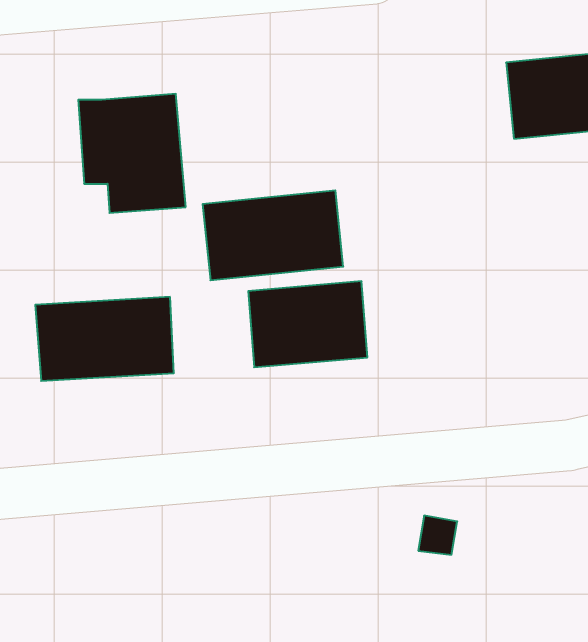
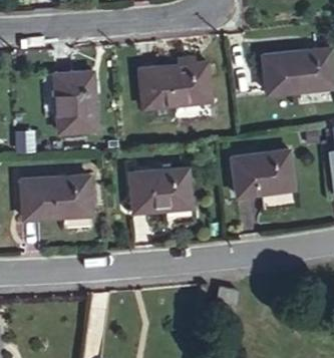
building: [203,190,343,280] -> [139,61,212,107]
building: none -> [232,149,297,210]

